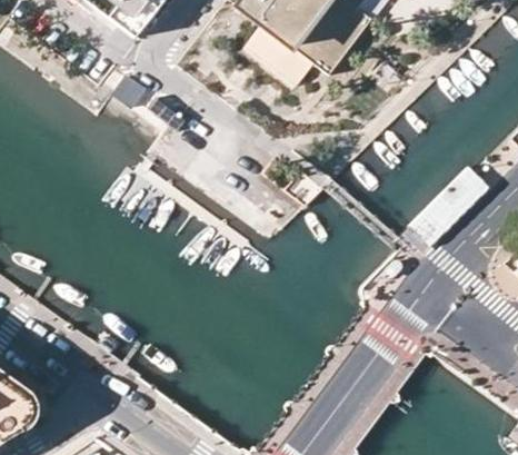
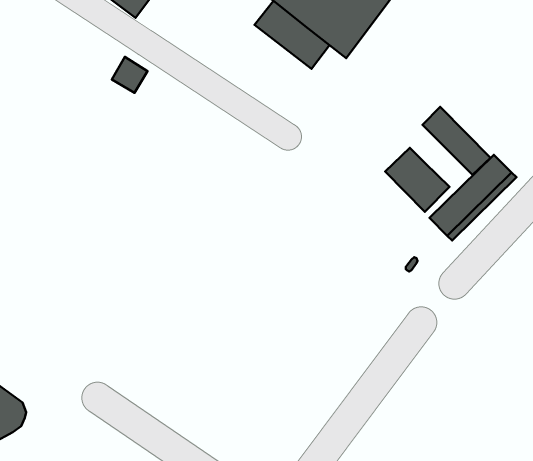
building: none -> [423,107,490,175]
building: none -> [385,148,449,212]

